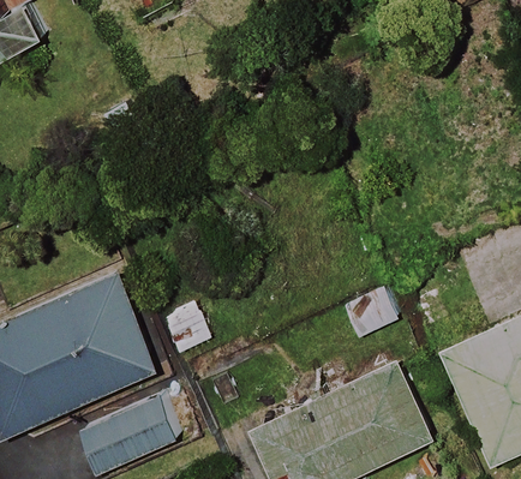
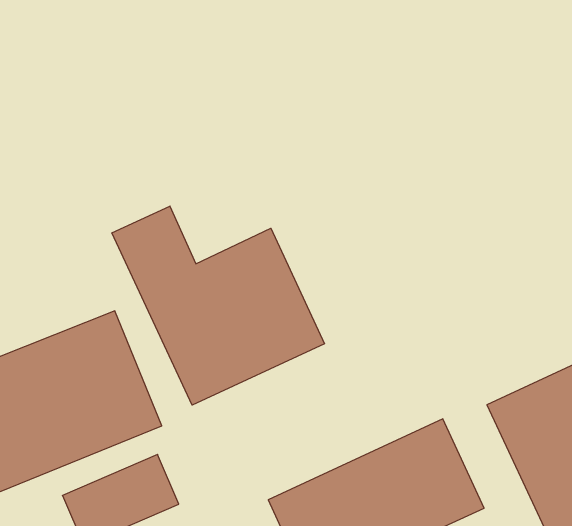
building: none -> [112,206,325,405]

